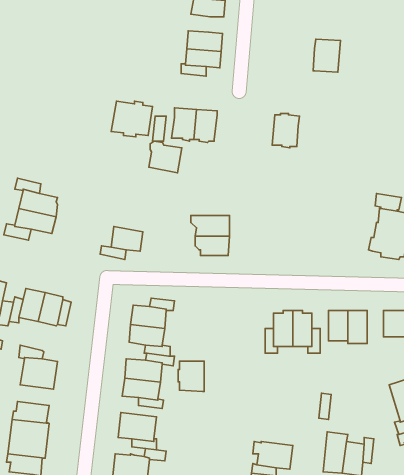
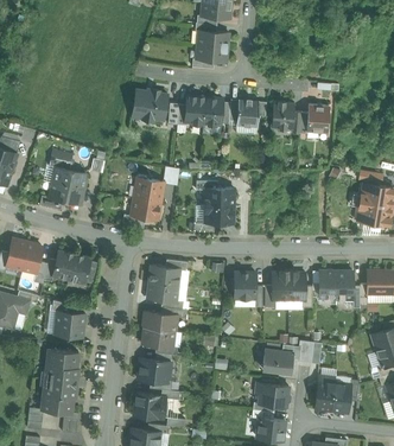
building: [313,39,341,72] -> [306,104,330,133]
building: none -> [236,98,259,128]
building: [149,141,182,173] -> [134,176,163,203]
building: [178,361,204,391] -> [233,273,255,299]
building: none -> [262,350,293,372]

